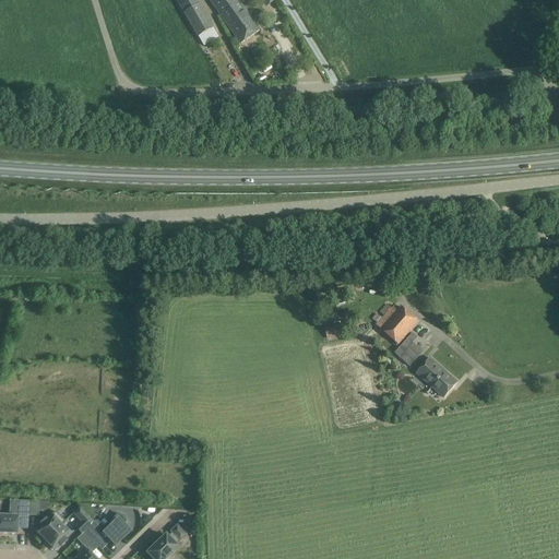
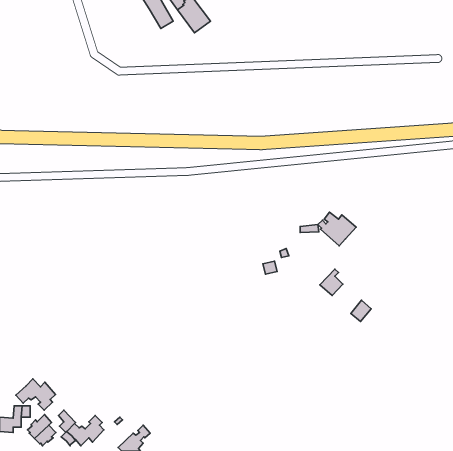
building: [371,301,418,343] -> [318,212,356,246]
building: [415,356,444,385] -> none
building: none -> [16,379,55,410]

